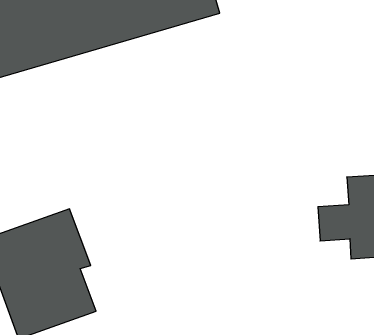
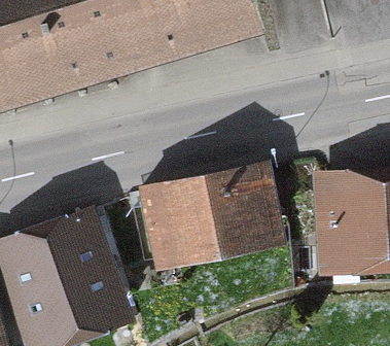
building: none -> [135,171,270,265]

